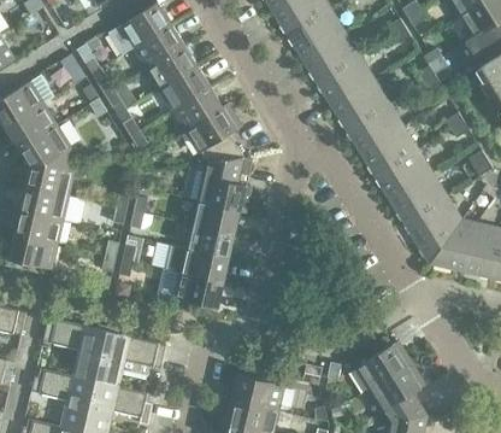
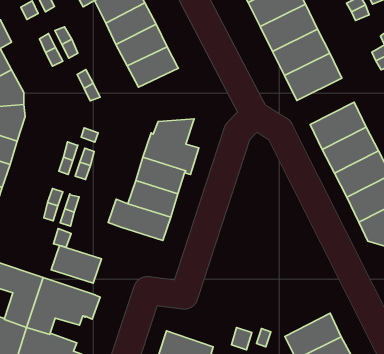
building: [185,103,244,163] -> none
building: [346,103,403,152] -> none
building: [175,273,224,308] -> [51,245,101,283]

